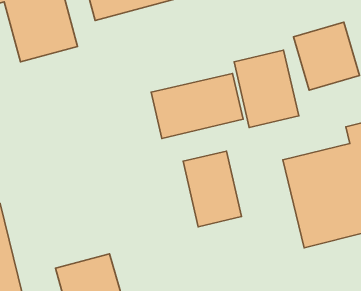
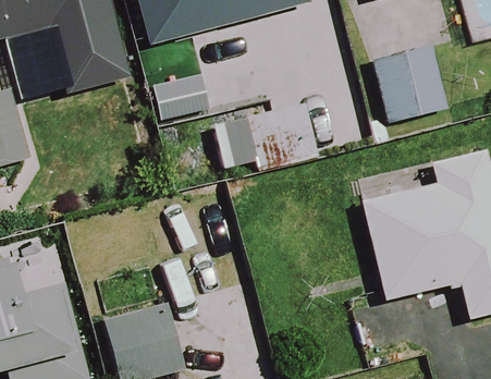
building: [234,50,299,127] -> none
building: [183,151,242,227] -> none

